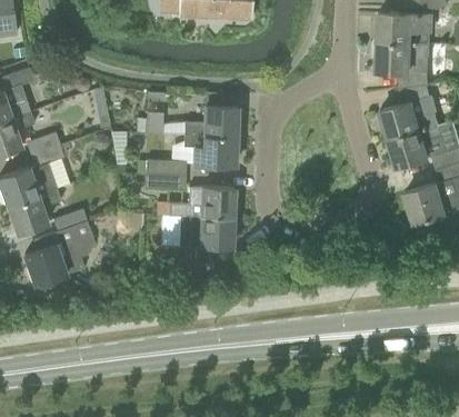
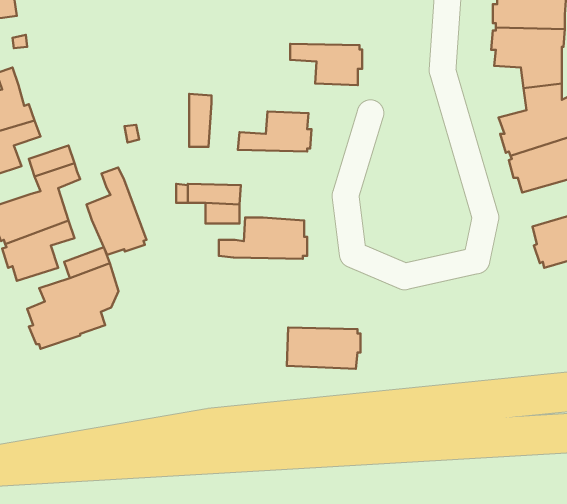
building: [183,136,238,167] -> [290,44,362,85]
building: none -> [87,168,147,255]
building: [179,217,235,248] -> [287,328,360,369]

